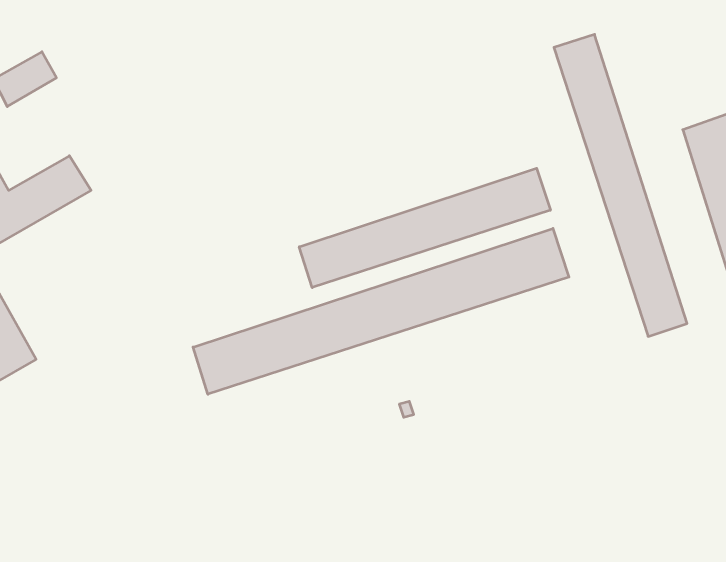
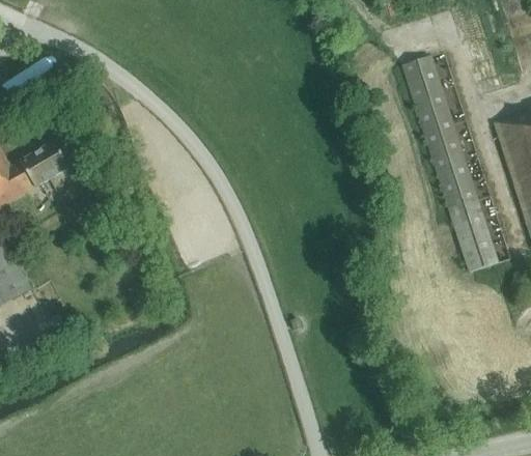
building: [299,168,550,288] -> none
building: [193,228,569,394] -> none

